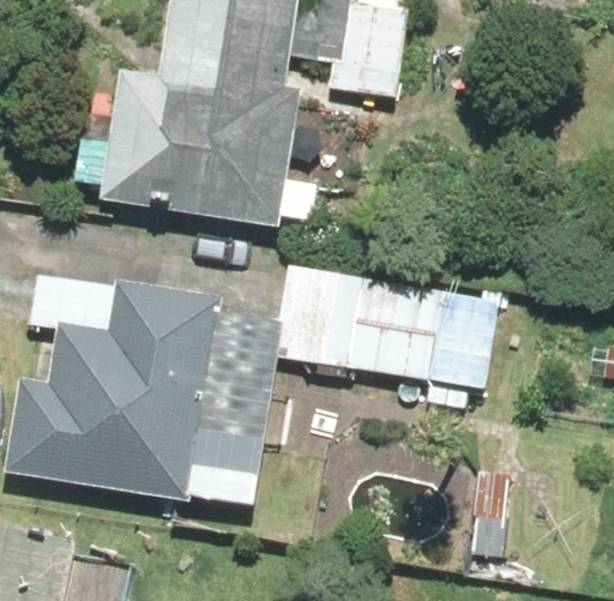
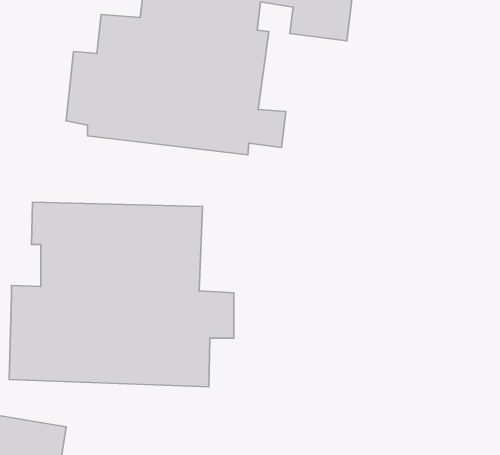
building: [279,266,493,384] -> none

